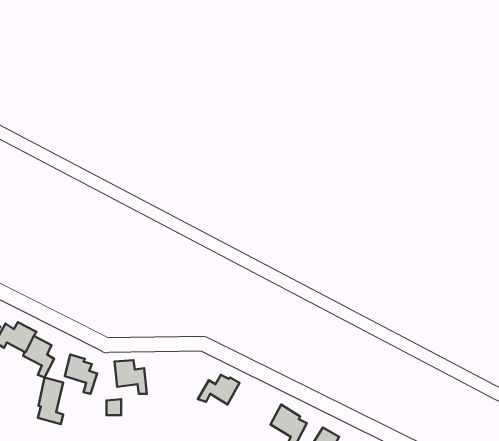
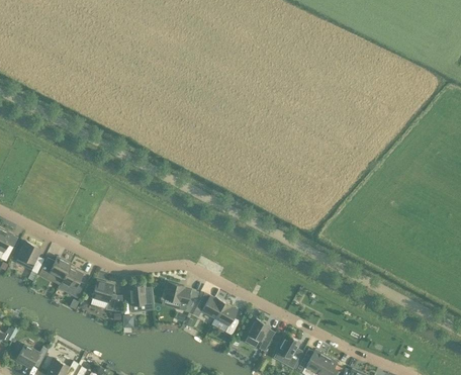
building: none -> [163,282,197,312]
building: [38,378,63,424] -> none
building: none -> [214,302,238,335]

